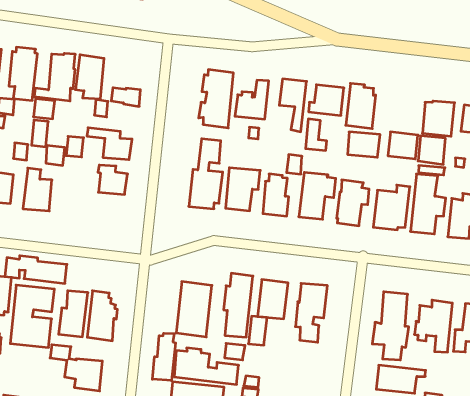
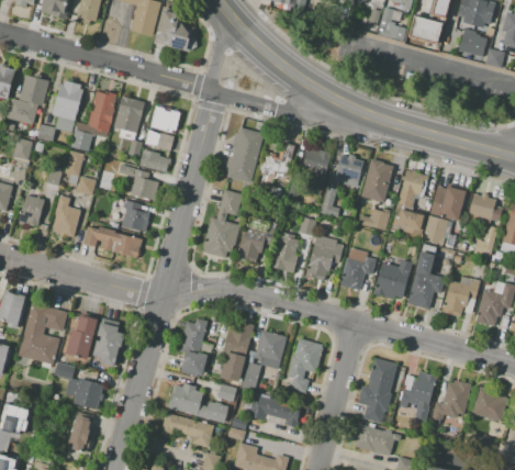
building: none -> [150,107,180,133]
building: none -> [398,169,436,205]
building: none -> [138,149,169,172]
building: [5,256,67,283] -> [82,226,142,258]
building: [152,333,176,381] -> none
building: none -> [249,395,301,428]

